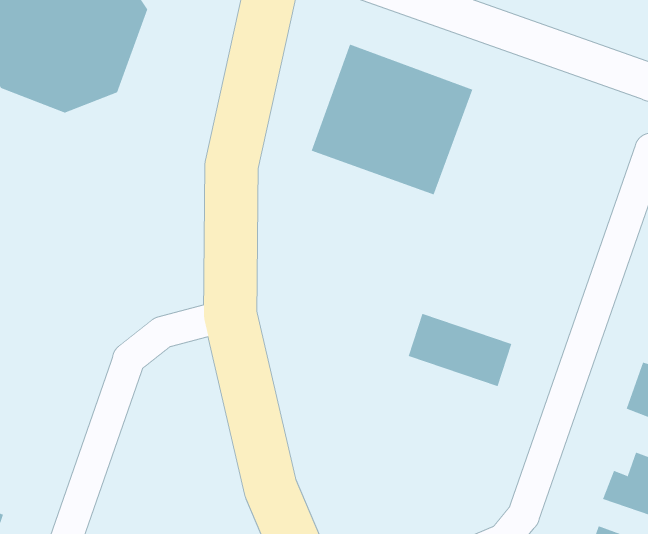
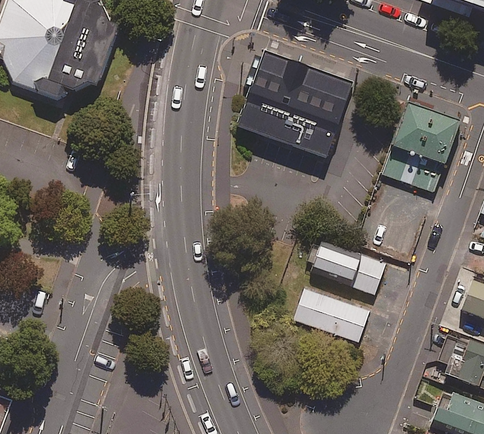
building: none -> [377,98,459,193]
building: none -> [290,288,367,343]

